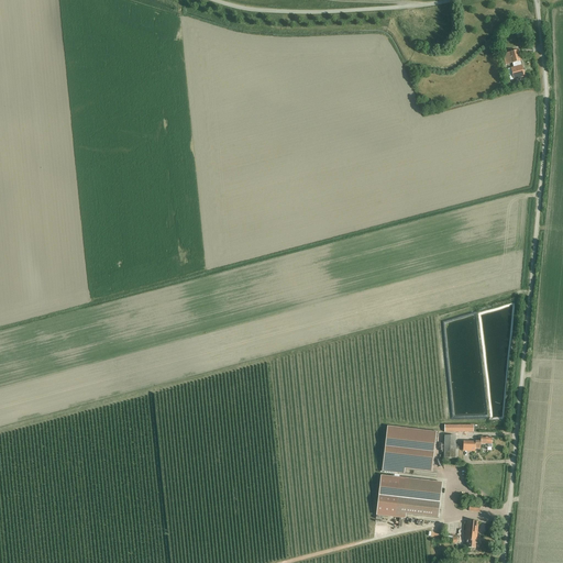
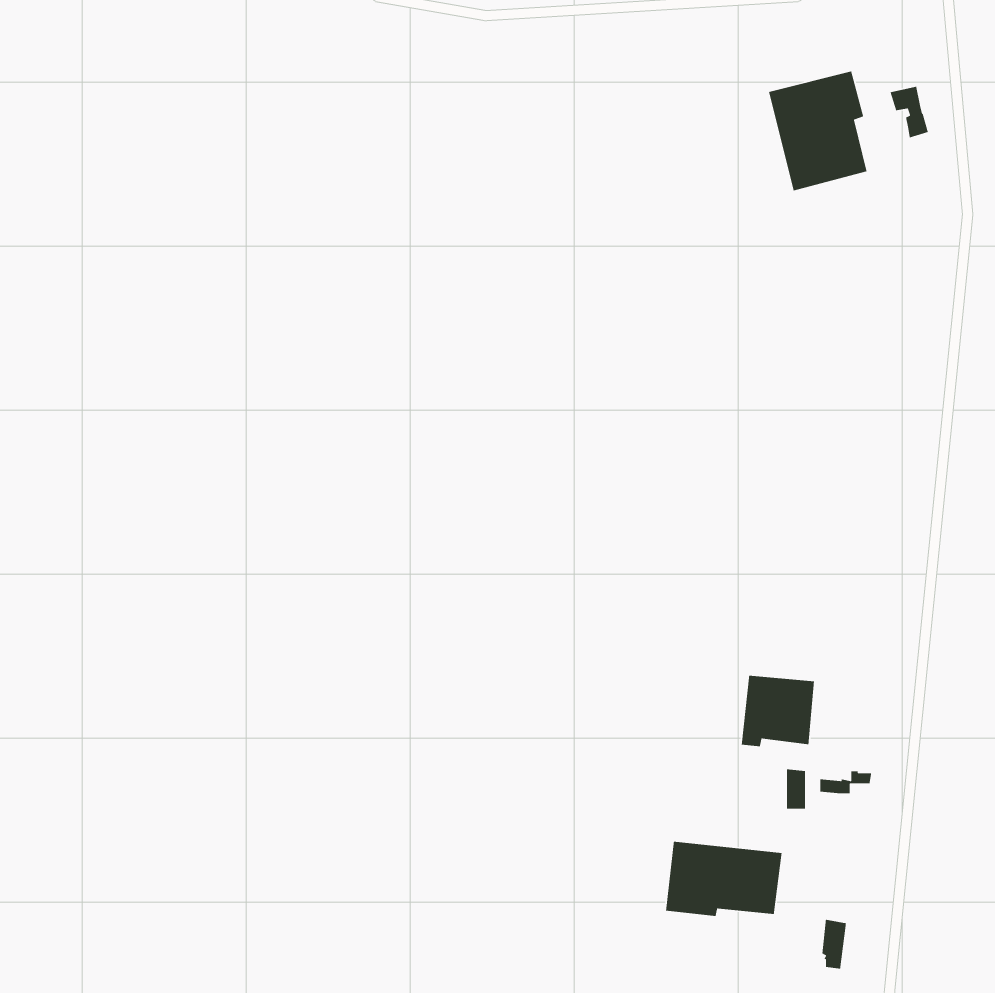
building: none -> [768,70,868,192]
building: [391,431,433,472] -> [741,675,815,747]

